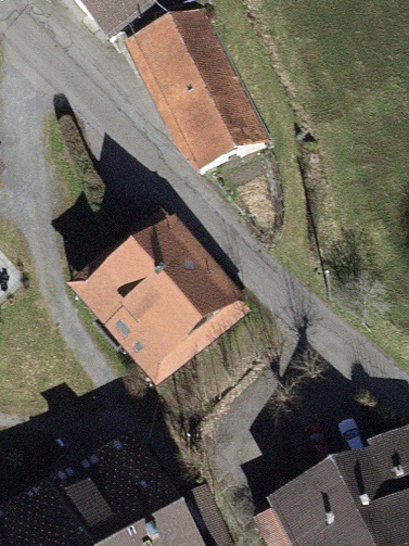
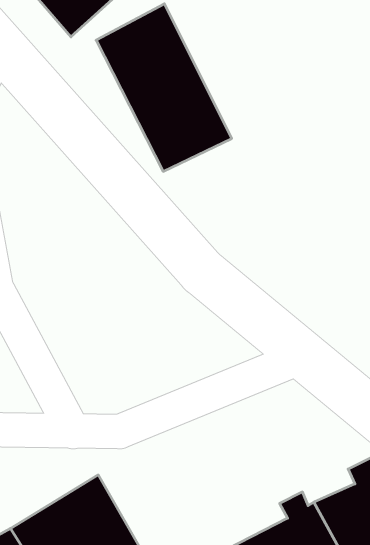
building: [93,229,231,365] -> none

